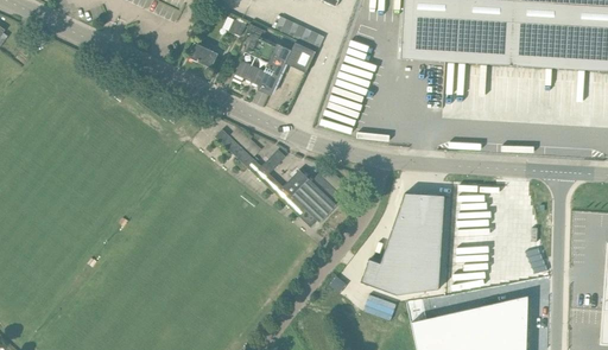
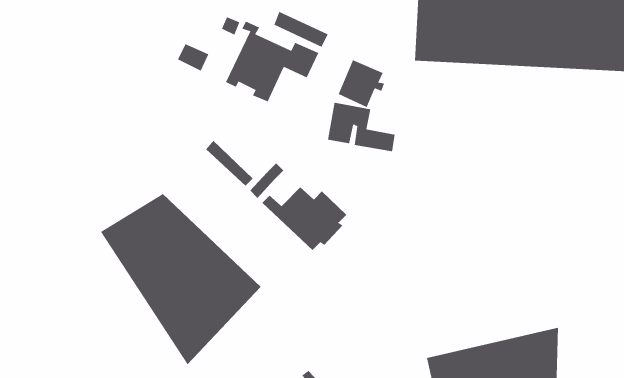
building: none -> [100,193,261,365]
building: [360,192,445,294] -> none

